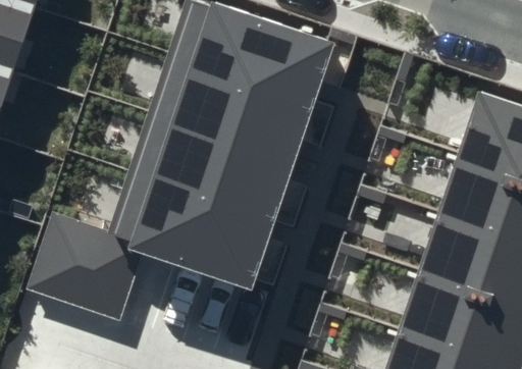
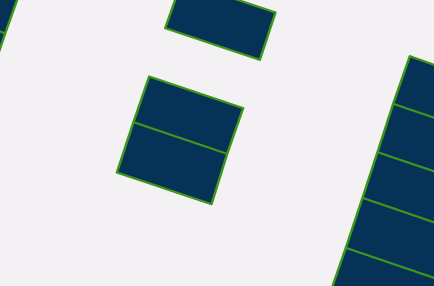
building: [179,66,308,159] -> none
building: [29,214,140,315] -> none

